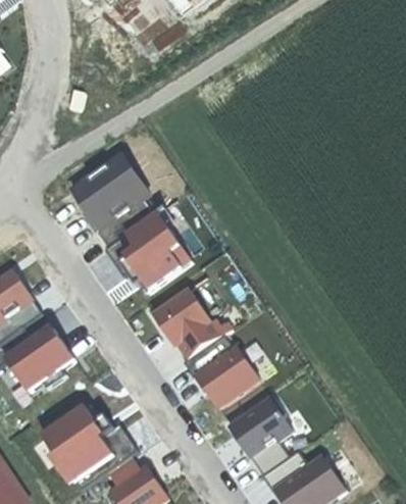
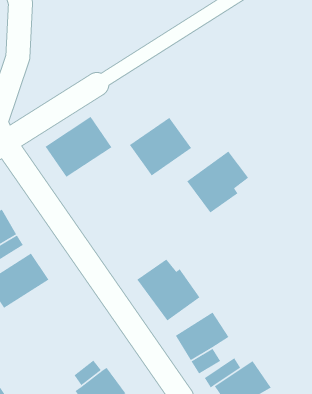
building: [108,213,186,287] -> [129,117,192,176]
building: [153,279,231,356] -> [186,150,249,213]
building: [39,406,132,490] -> none

